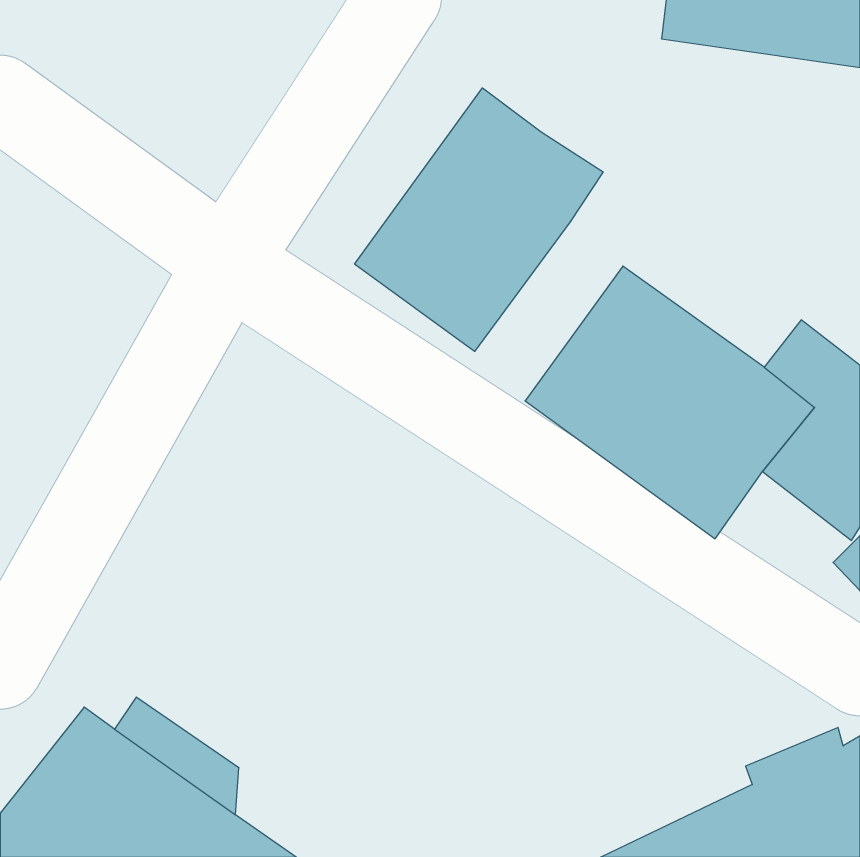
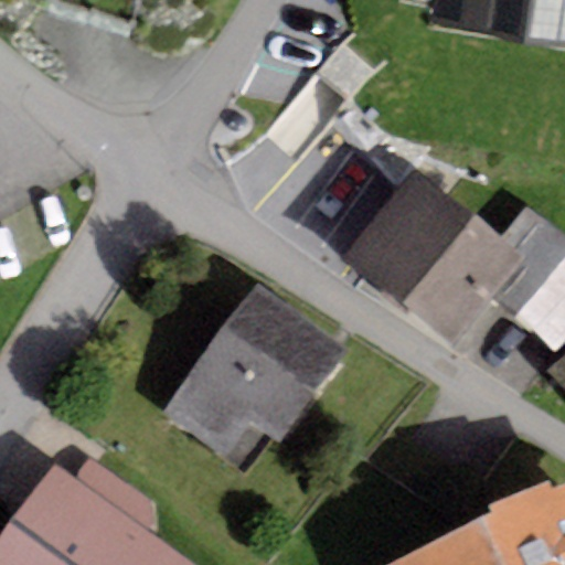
building: [355,88,603,351] -> none
building: none -> [161,285,345,458]

